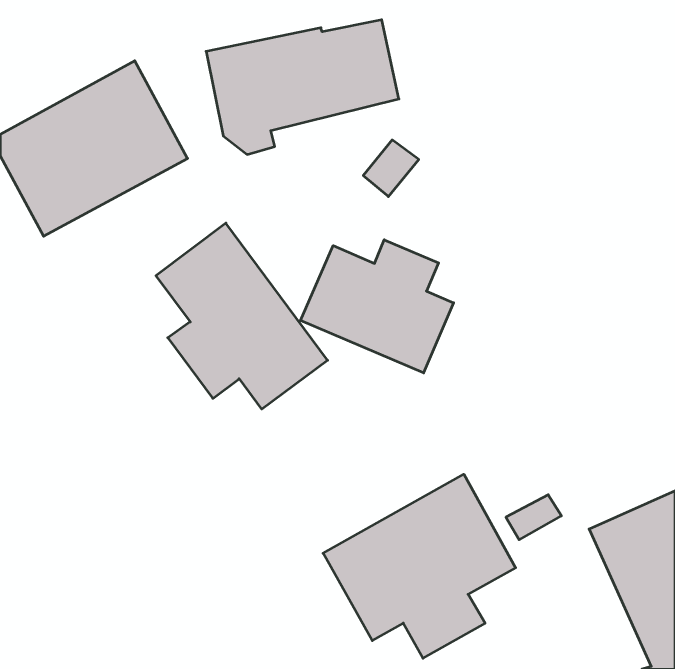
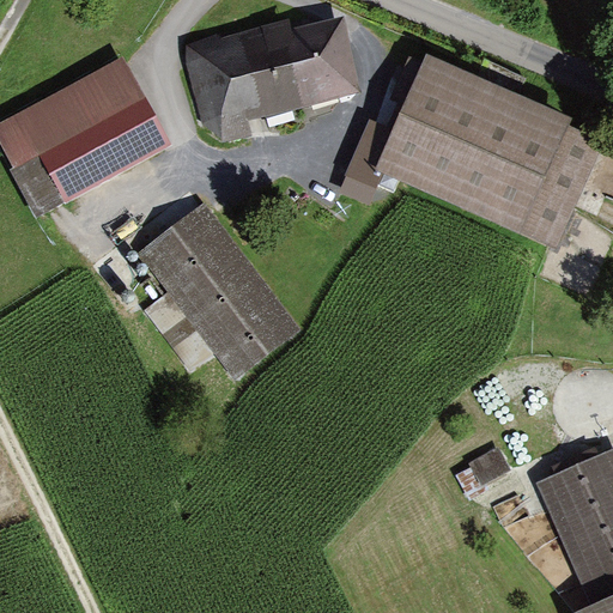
building: none -> [375,57,602,247]
building: [300,240,454,373] -> none
building: [323,474,516,658] -> none

